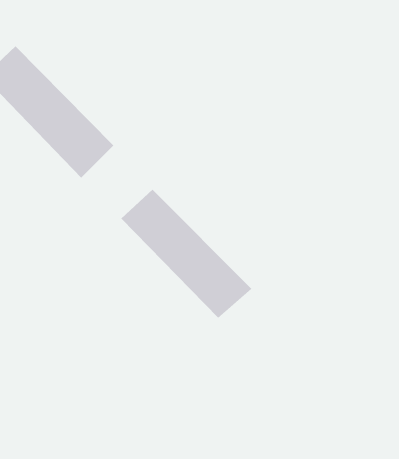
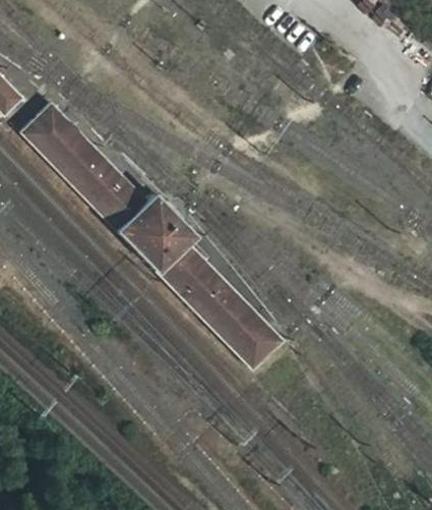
building: none -> [116,190,197,271]

